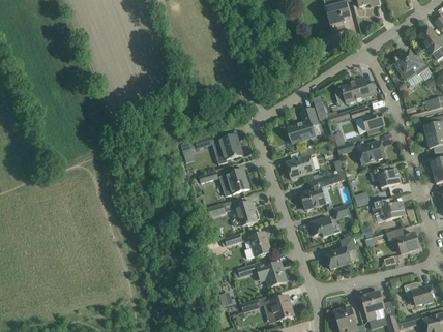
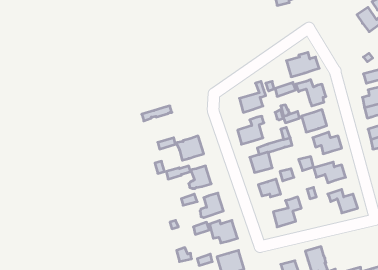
building: [393,51,432,81] -> none
building: [215,134,241,164] -> none
building: [403,281,433,305] -> none

